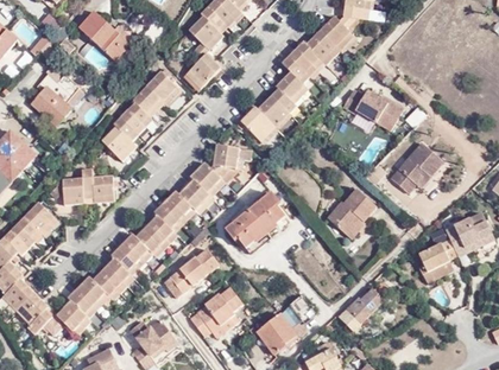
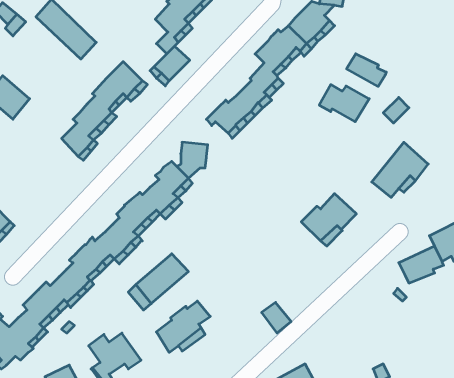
building: none -> [347,54,386,86]
building: [62,158,113,197] -> none
building: [223,192,286,254] -> none
building: [340,289,389,328] -> none
building: [253,304,304,353] -> none

